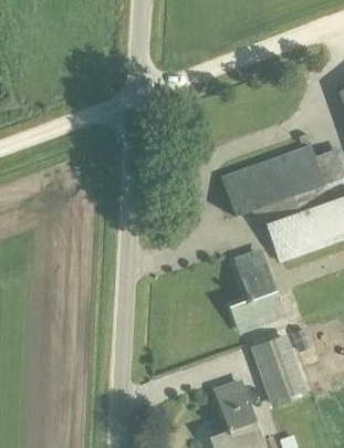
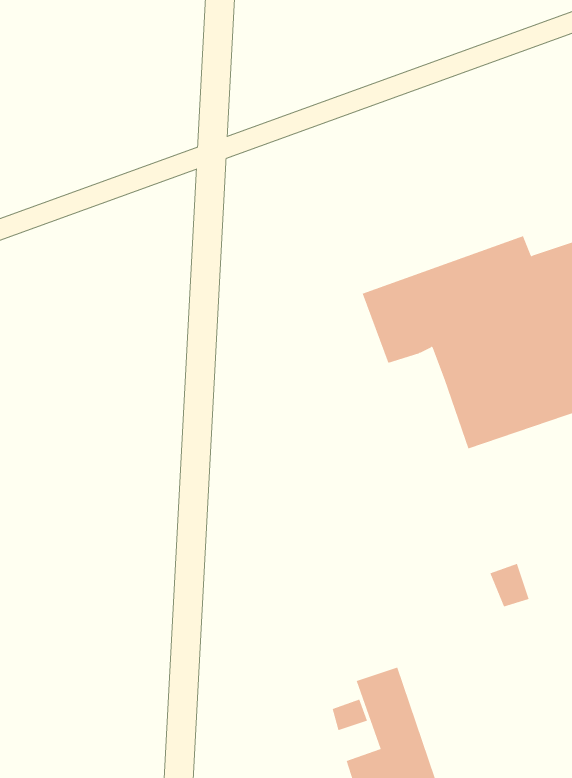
building: [230,252,281,329] -> none
building: [250,332,307,406] -> none

